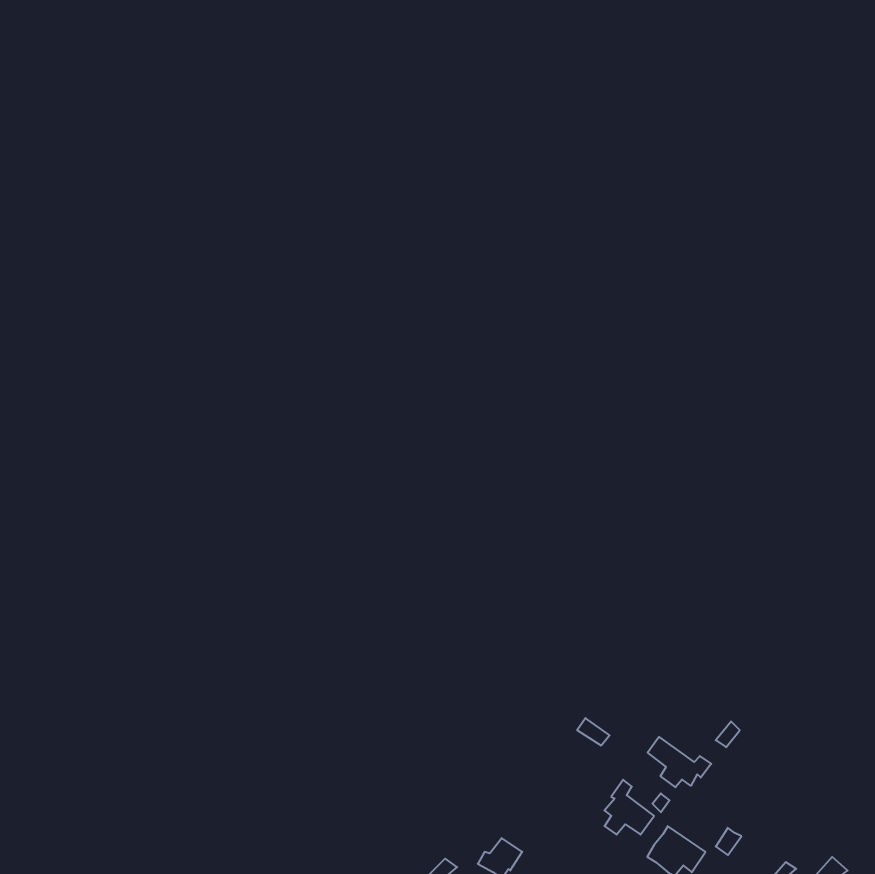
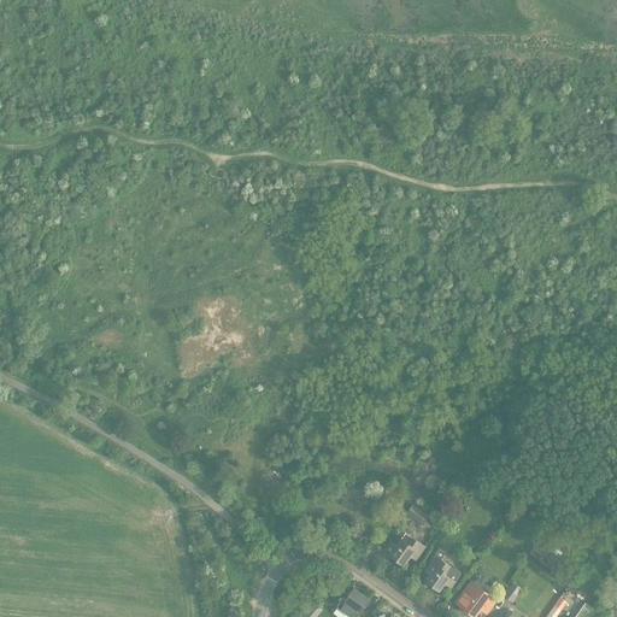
building: [648,737,711,787] -> none
building: none -> [383,534,425,566]

